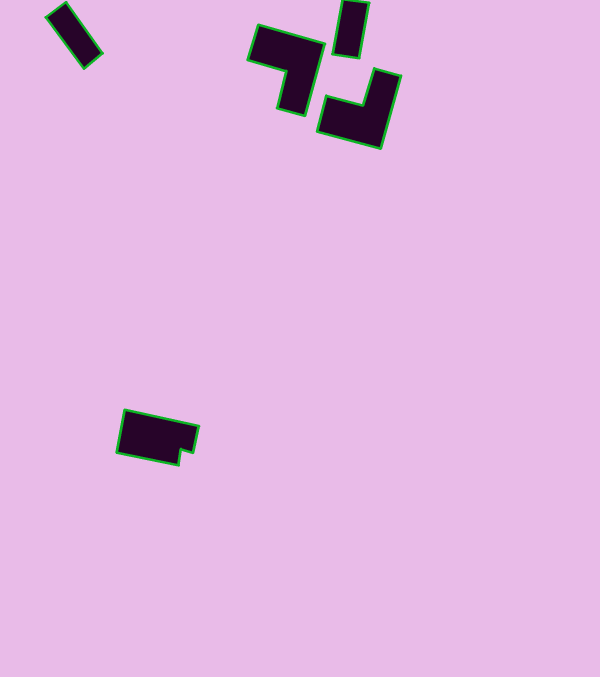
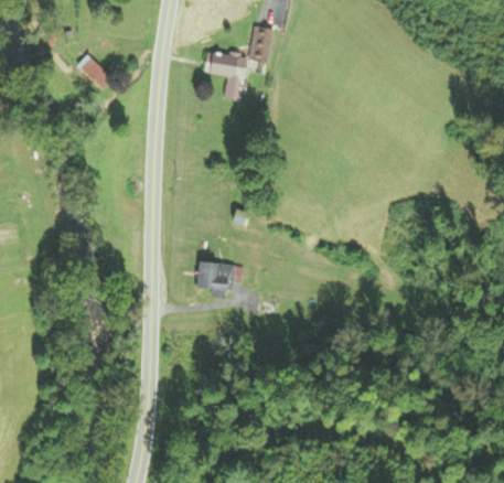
building: [317,68,401,149] -> none
building: [117,410,199,465] -> [195,260,243,289]

